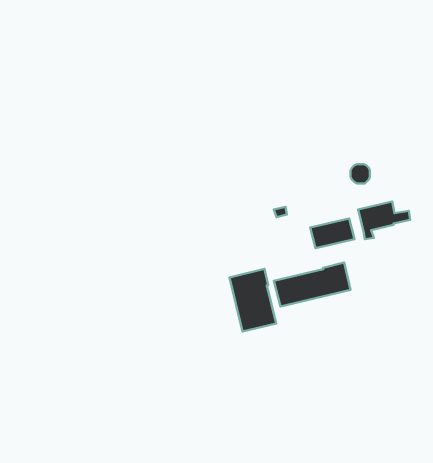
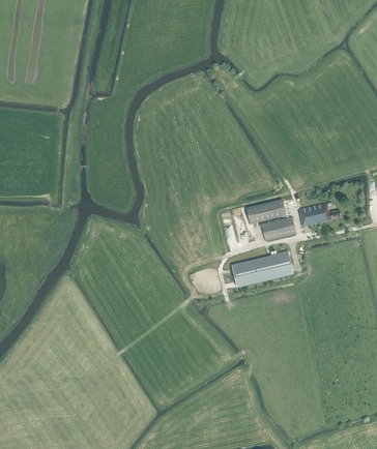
building: none -> [247,199,286,223]
building: [230,269,276,331] -> none

